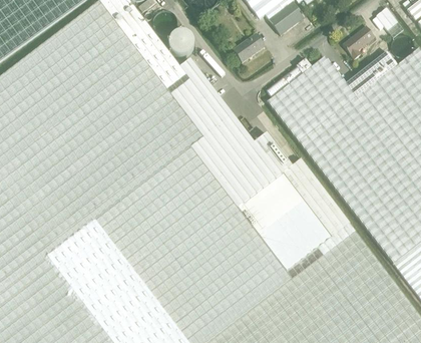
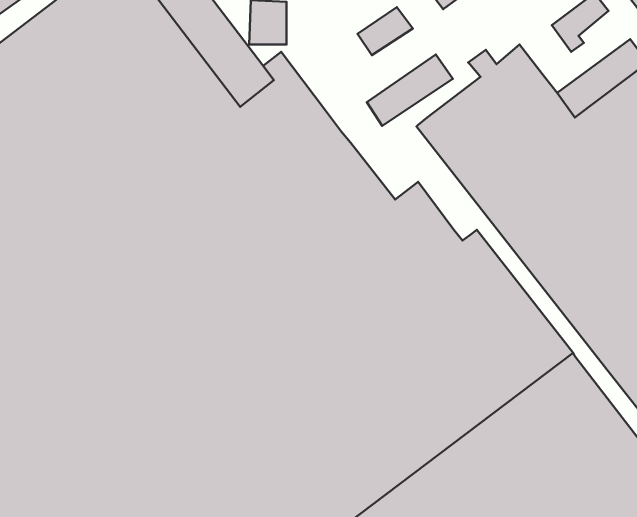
building: none -> [367,55,453,126]

